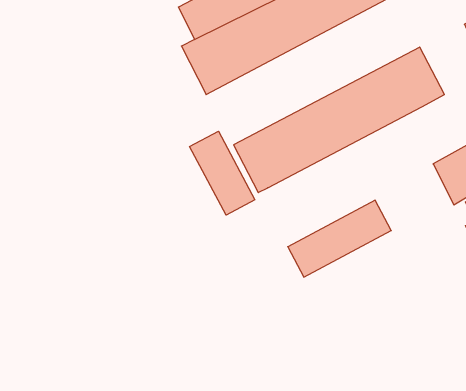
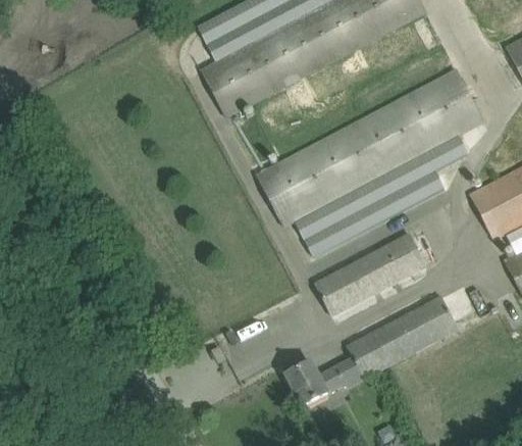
building: none -> [294,133,470,256]
building: [190,131,255,215] -> none
building: none -> [286,295,459,405]

